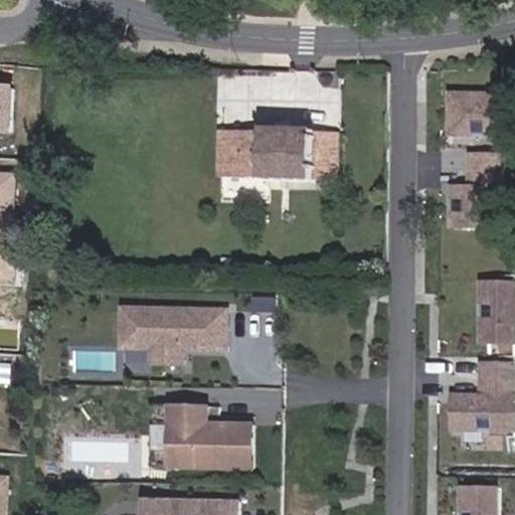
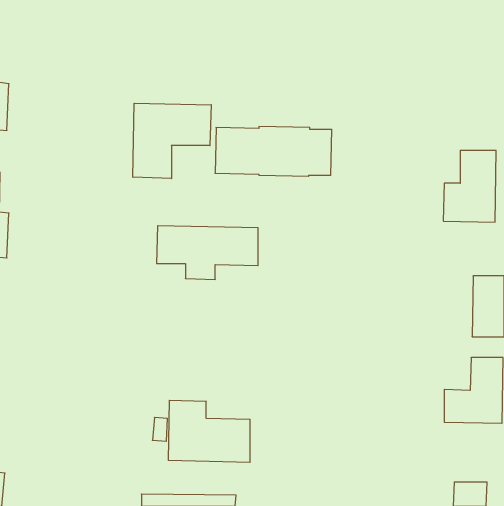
building: [448,93,500,132] -> none
building: none -> [133,103,211,179]
building: [124,308,226,362] -> [157,226,258,279]

